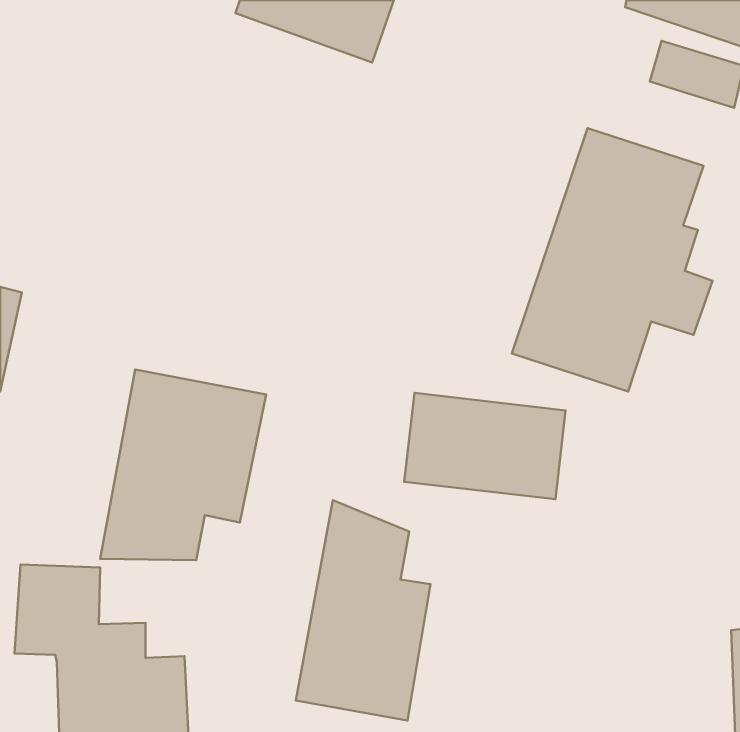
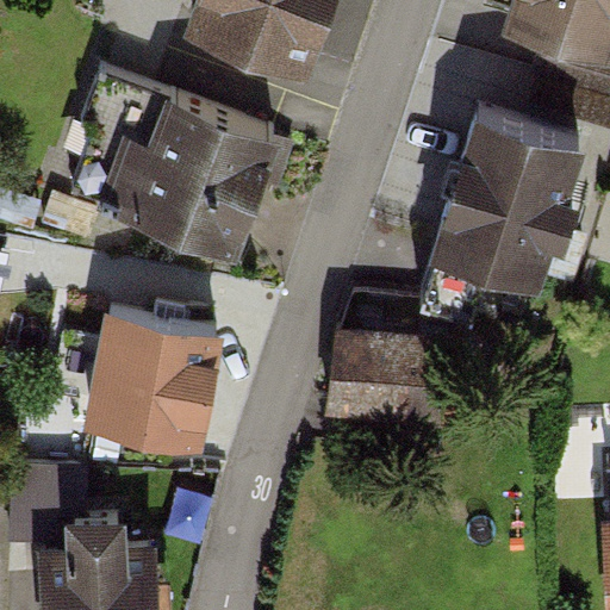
building: none -> [76,69,279,248]
building: [296,500,431,721] -> none

